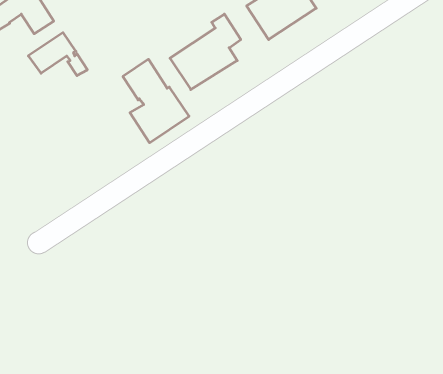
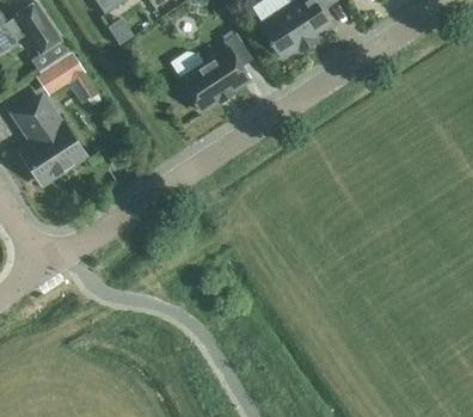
building: [123,59,189,143] -> [16,97,84,183]

